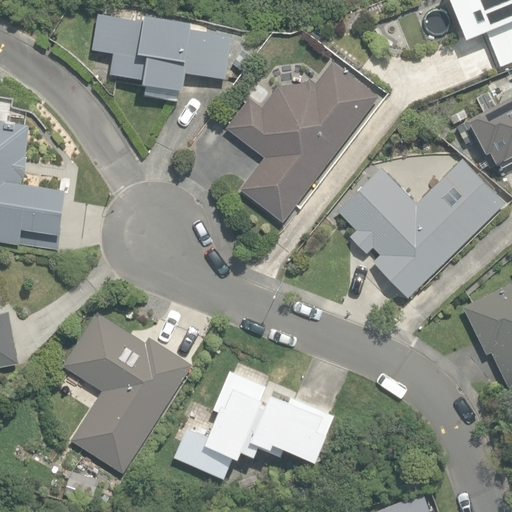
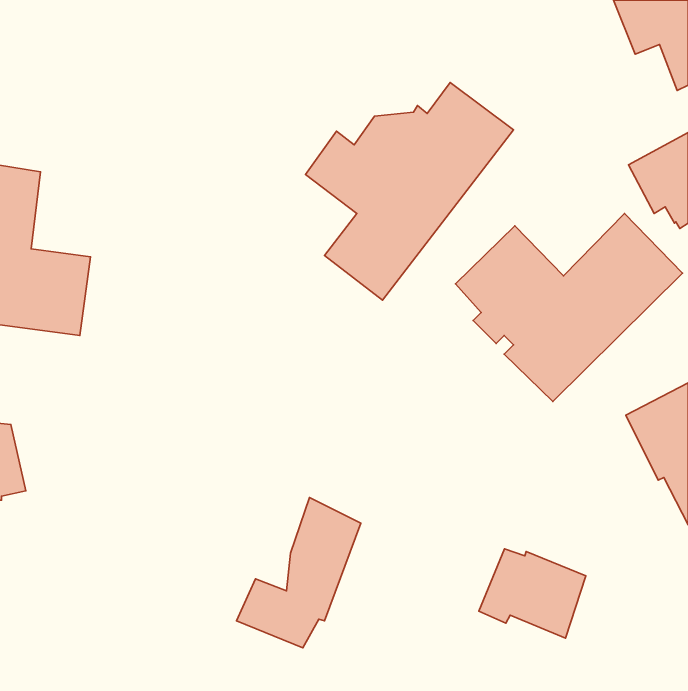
building: [93,14,233,102] -> none
building: [65,315,193,473] -> none
building: [255,395,334,461] -> [479,549,586,638]

